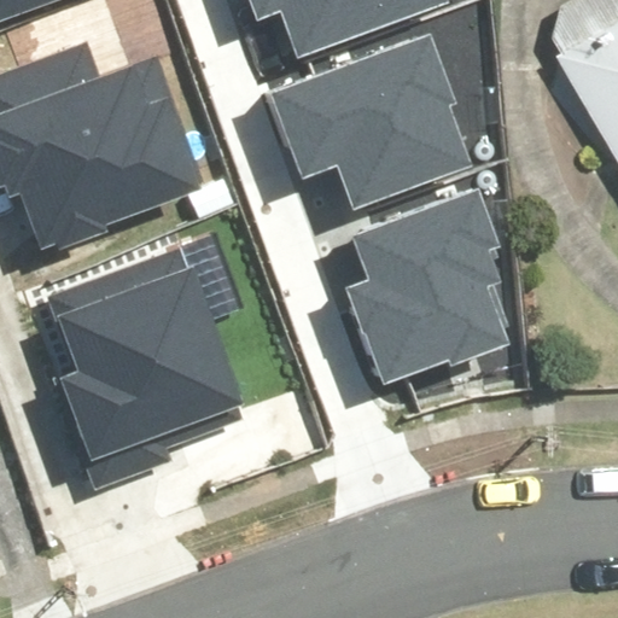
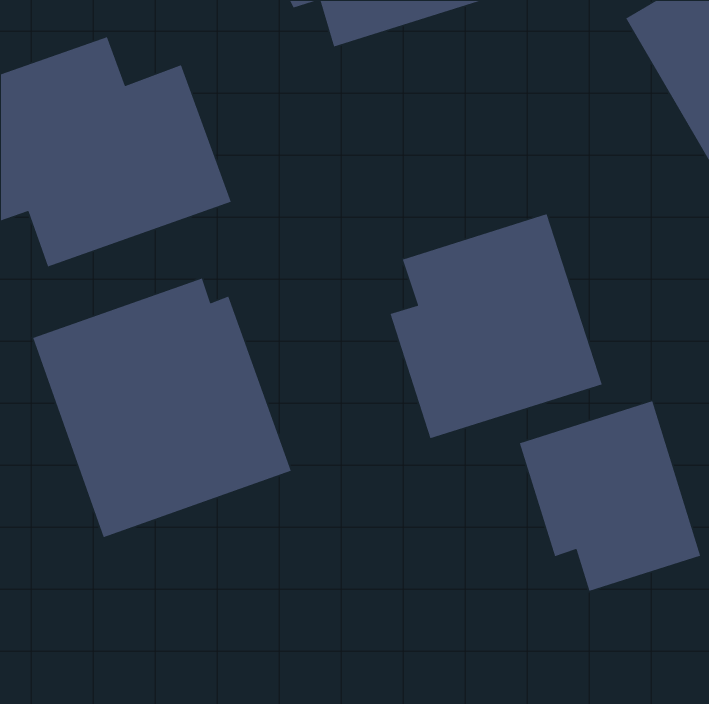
building: [267,33,478,210] -> none
building: none -> [519,400,701,592]

